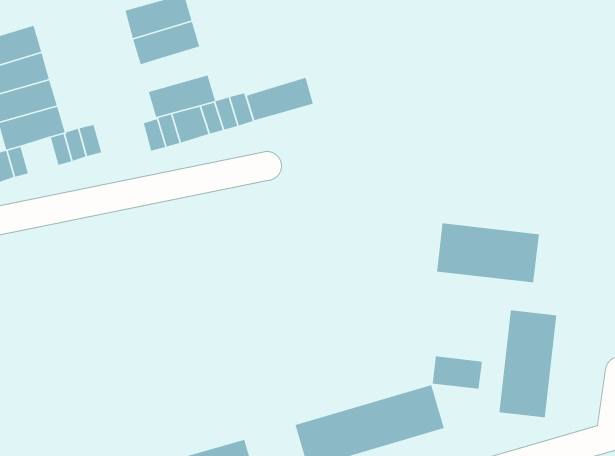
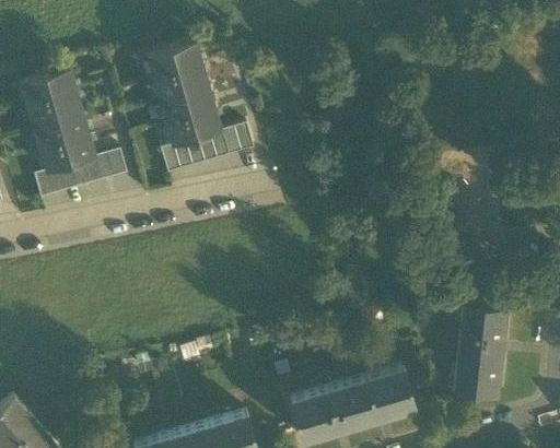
building: [246,77,314,121] -> [159,85,215,122]
building: none -> [59,161,90,191]
building: [436,223,540,283] -> none
building: [432,356,483,390] -> none

